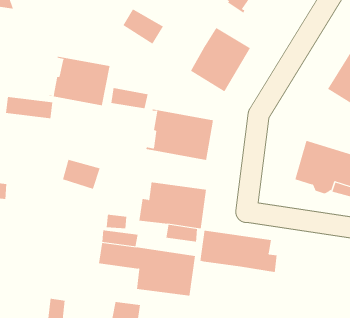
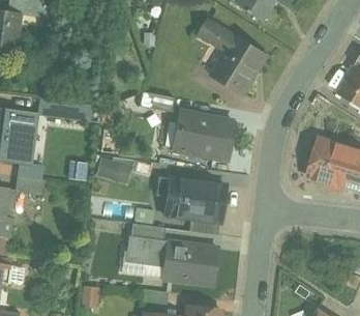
building: [122,8,164,44] -> [198,18,236,51]
building: [49,56,110,106] -> none
building: [200,230,277,273] -> none

